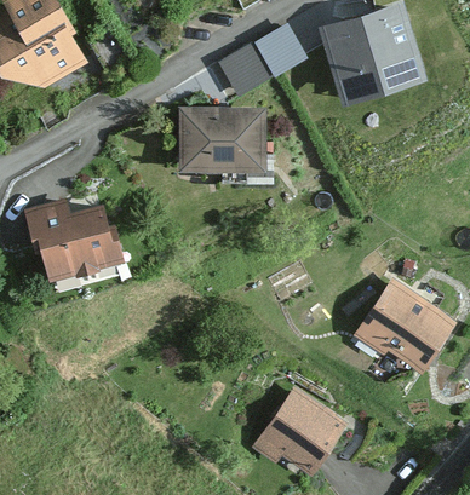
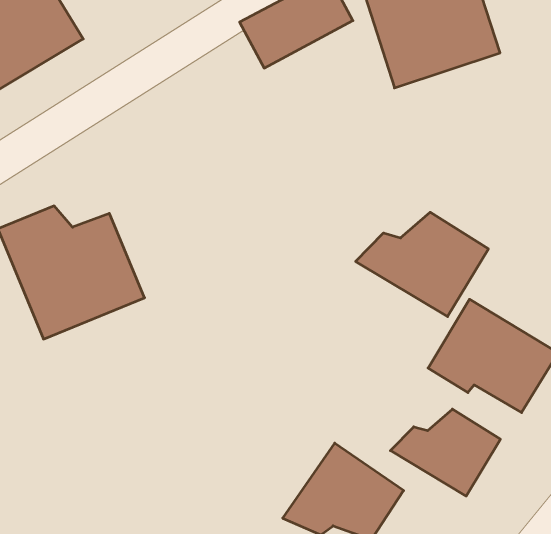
building: [174,108,260,173] -> none
building: none -> [356,212,488,317]
building: none -> [390,409,500,496]

